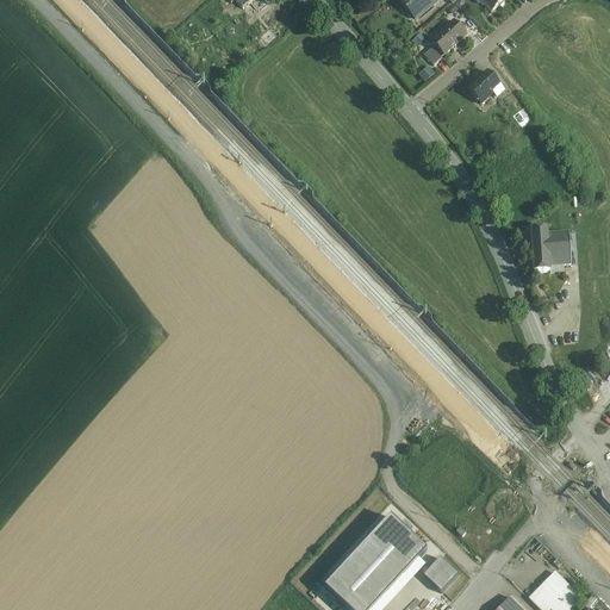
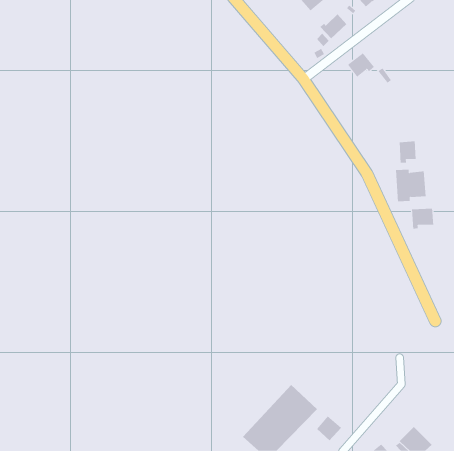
building: none -> [399,141,416,164]
building: none -> [411,208,434,230]

